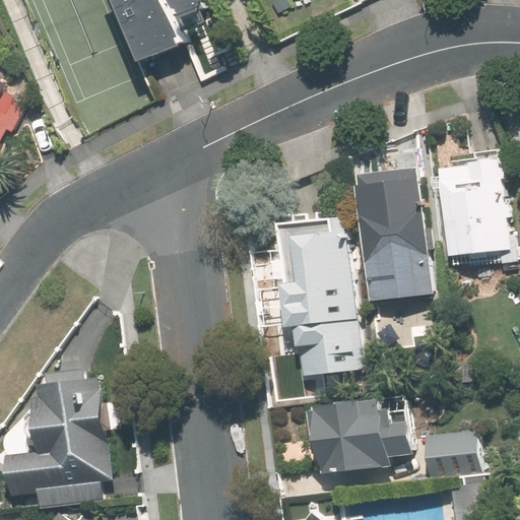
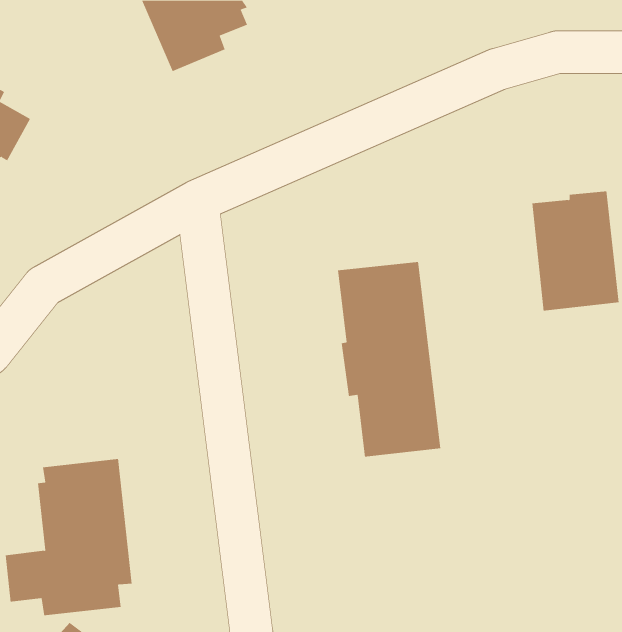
building: [352,168,432,301] -> none
building: [304,395,411,473] -> none
building: [420,430,476,478] -> none

